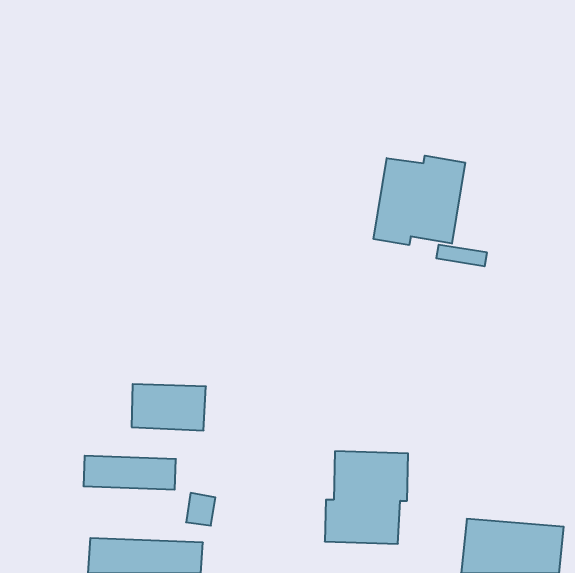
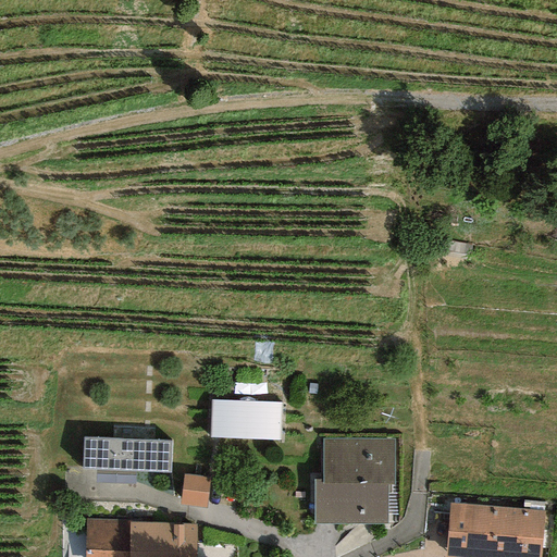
building: [374,156,465,245] -> none
building: [132,384,206,430] -> [211,398,283,443]

